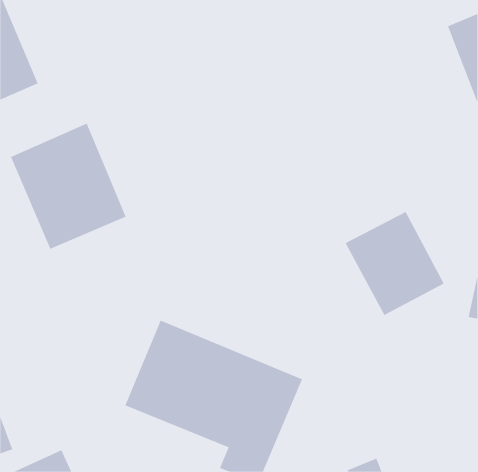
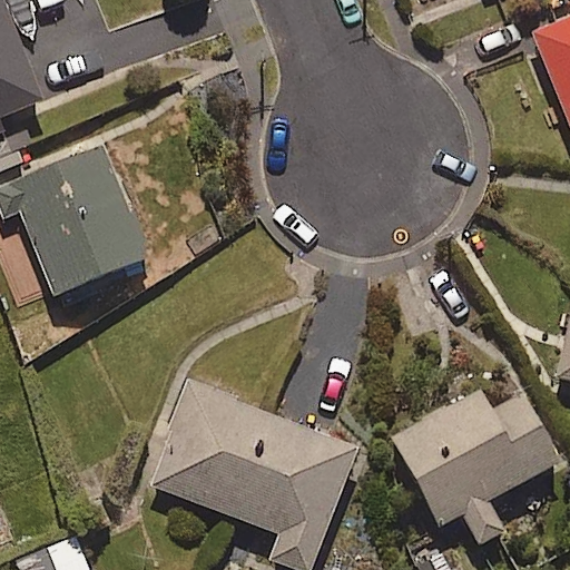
building: [345,211,444,316] -> none
building: none -> [392,390,559,547]

